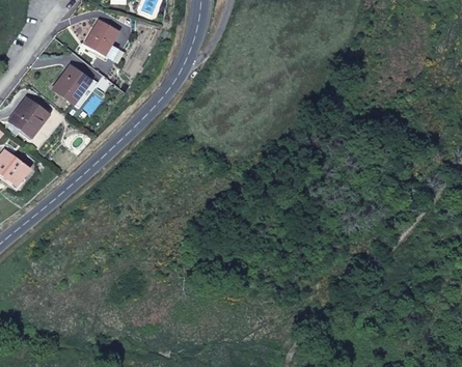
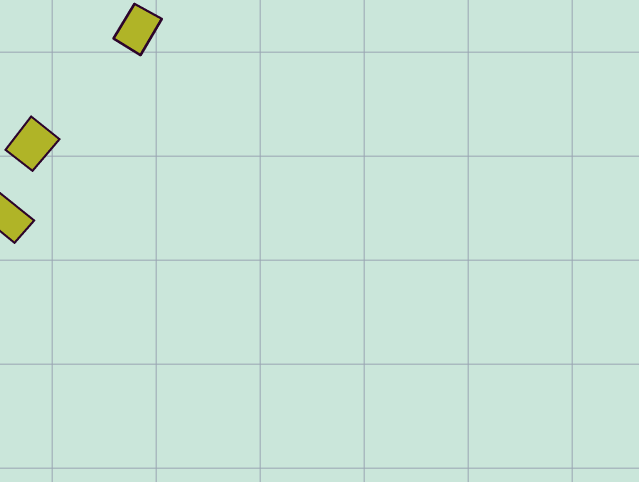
building: [53,66,94,107] -> none

